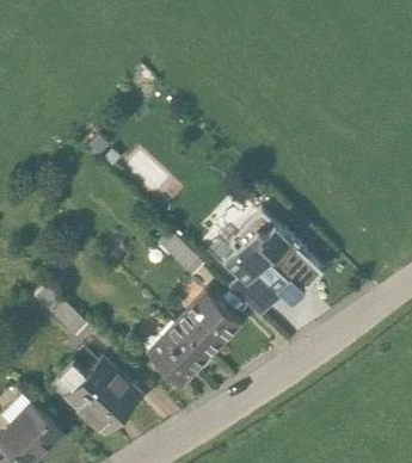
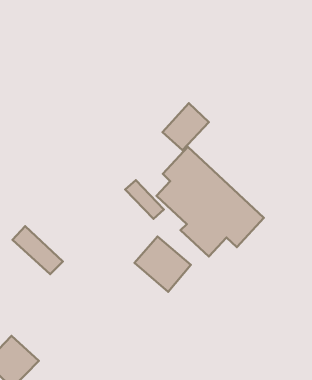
building: none -> [162,103,209,150]
building: [146,323,210,387] -> none
building: [63,358,137,432] -> none

